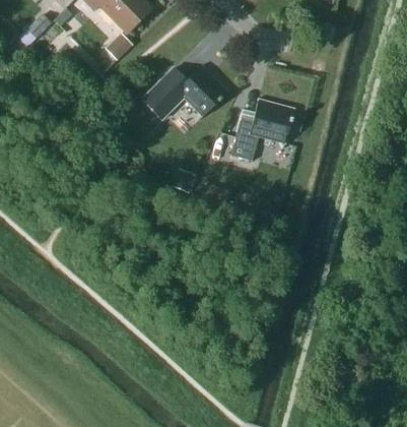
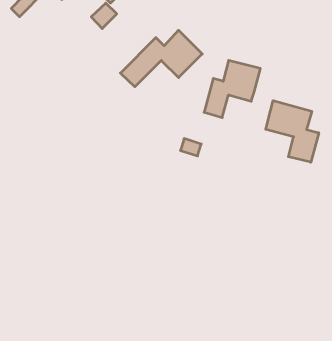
building: none -> [266,101,319,162]

